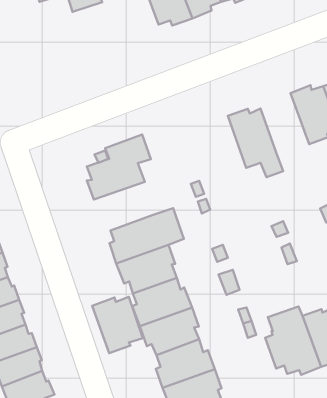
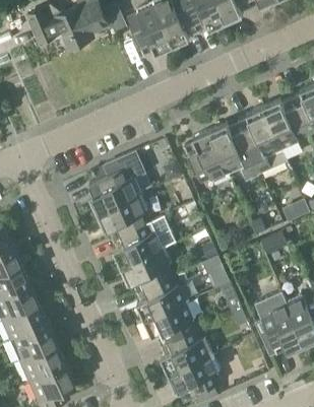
building: none -> [237,106,288,175]
building: none -> [183,129,228,182]
building: none -> [96,192,148,236]
building: [92,297,143,353] -> none

